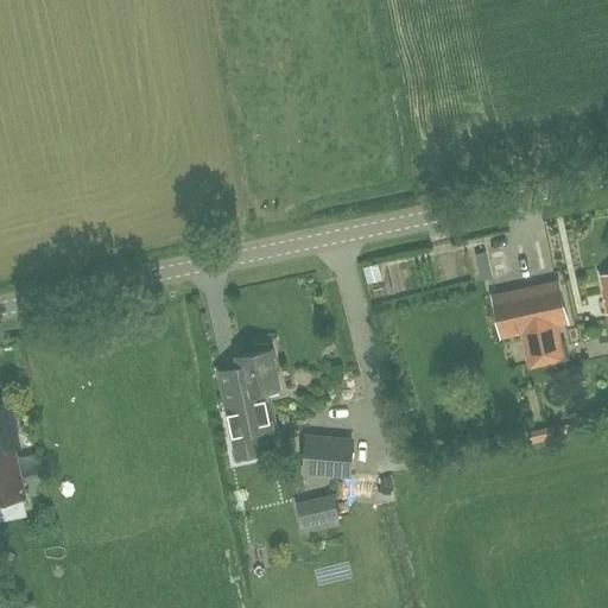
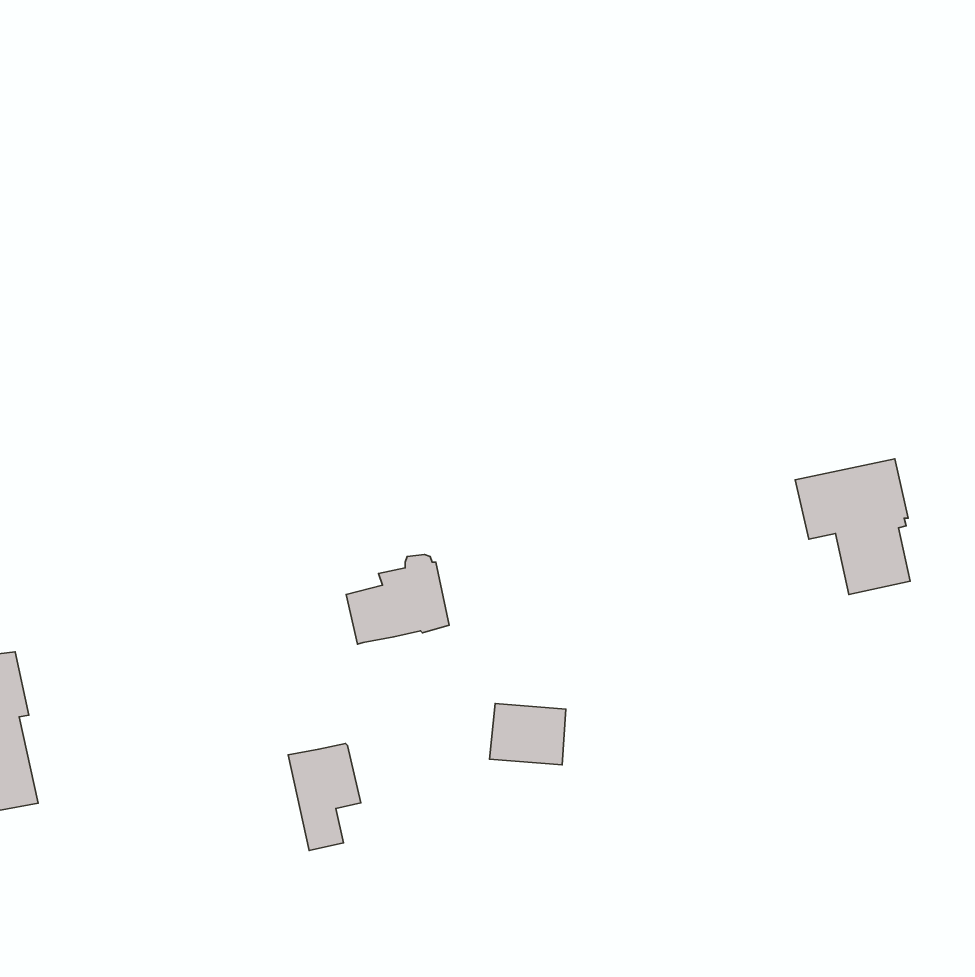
building: [226,392,271,458] -> [288,743,361,851]
building: [294,493,338,527] -> none

